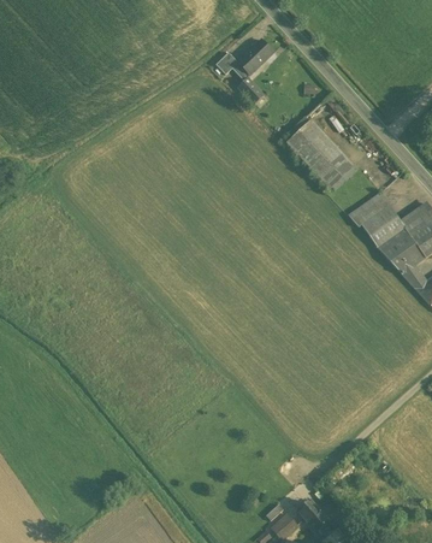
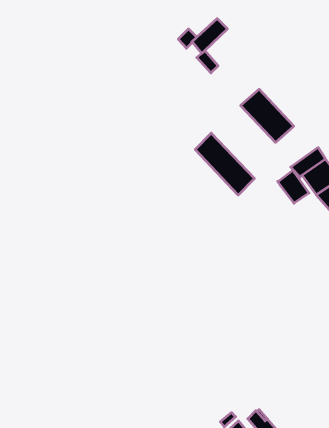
building: none -> [195,133,254,195]
building: none -> [278,170,309,203]

